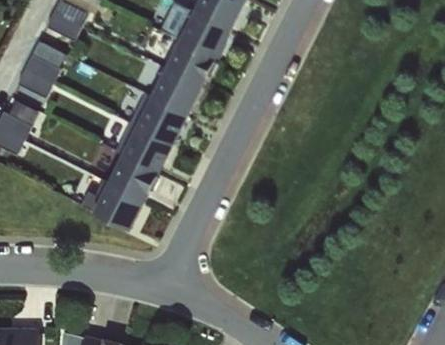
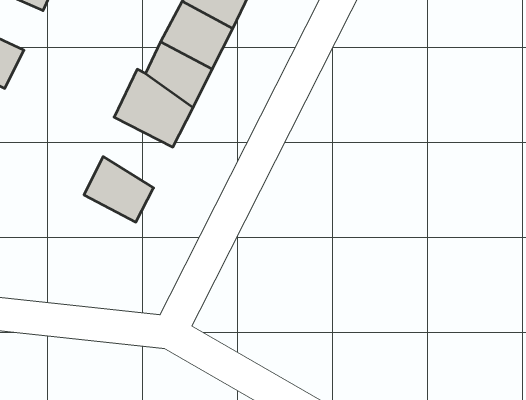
building: [113,121,170,173] -> none
building: [80,178,143,224] -> none

